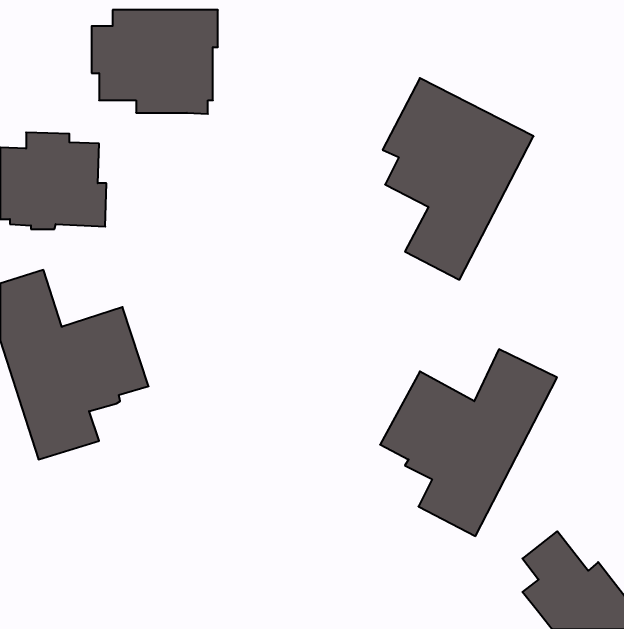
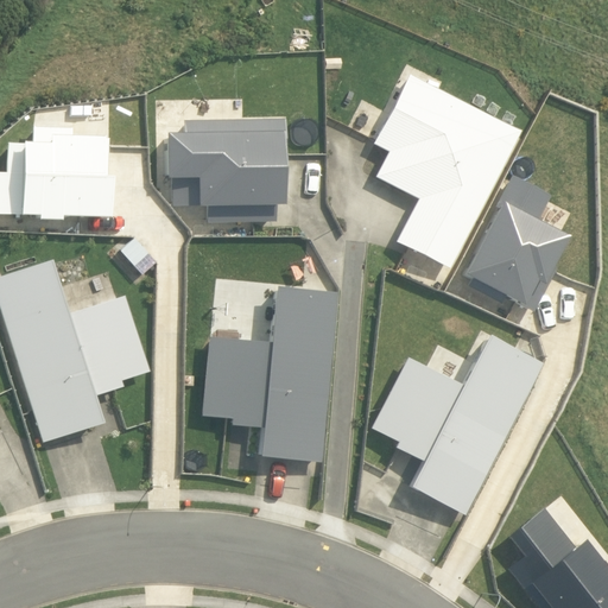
building: [92,10,218,114] -> [166,119,287,218]
building: none -> [461,175,568,305]
building: none -> [204,287,337,461]

